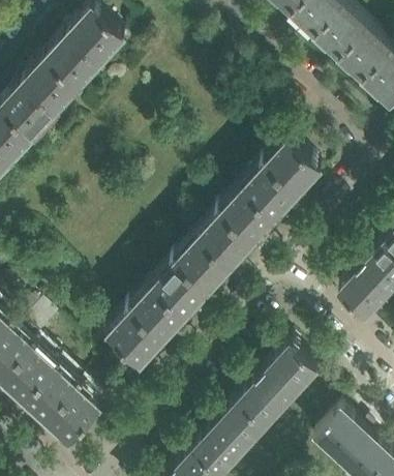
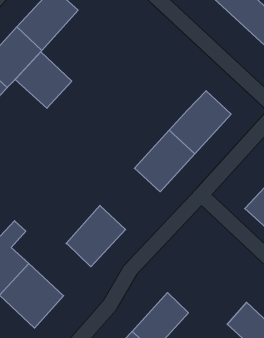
building: none -> [15,52,72,108]
building: [153,240,231,319] -> none
building: [240,345,317,425] -> none

